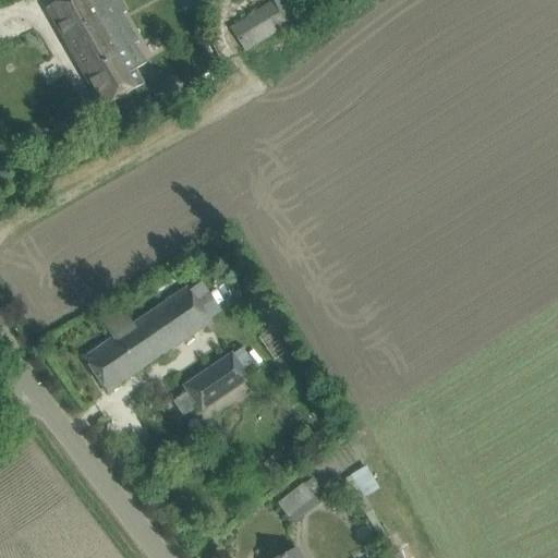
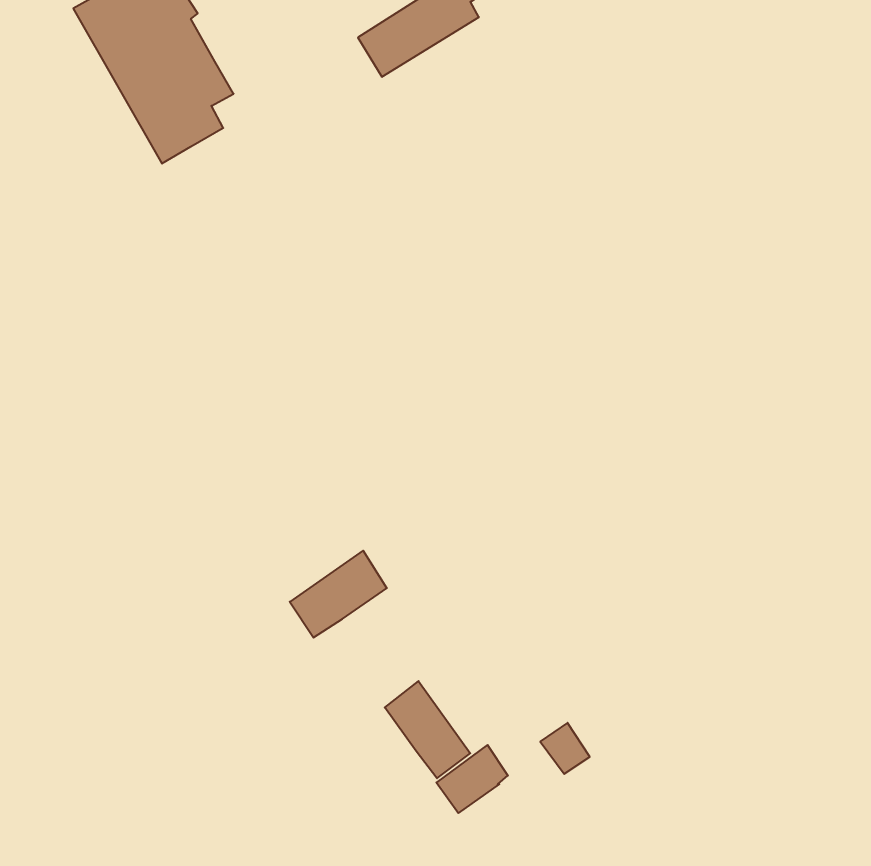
building: [84,286,210,390] -> none
building: none -> [385,681,470,778]

